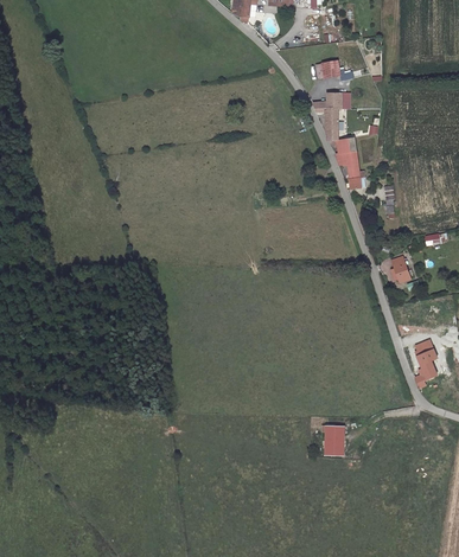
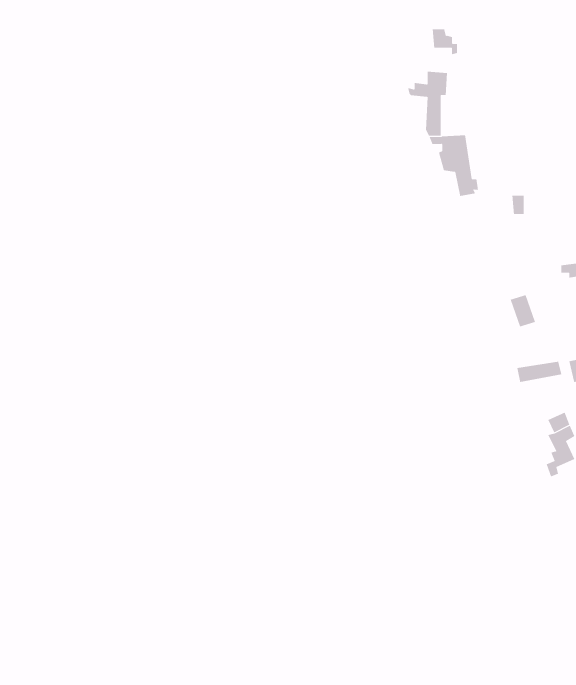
building: [324,427,344,457] -> none

